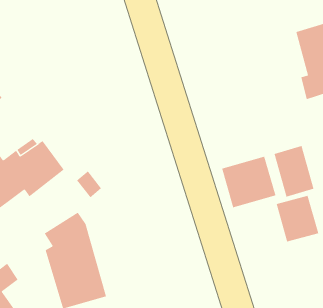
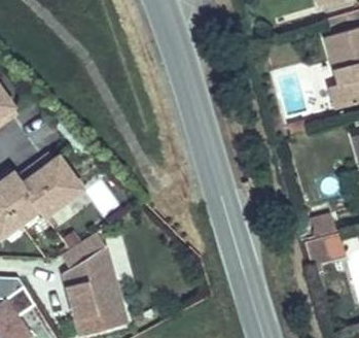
building: [274,145,314,197] -> none
building: [221,156,276,208] -> none

